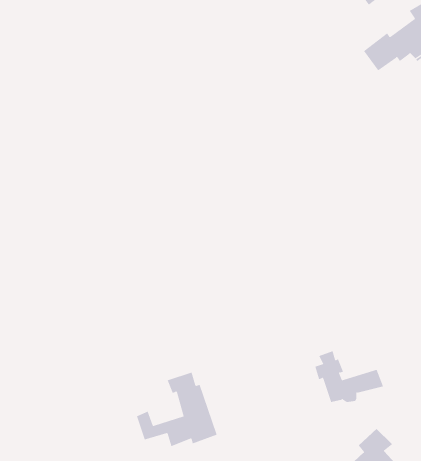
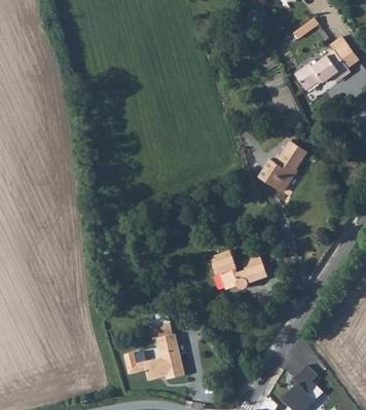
building: none -> [260,143,307,191]
building: [314,350,384,402] -> [217,246,270,286]

